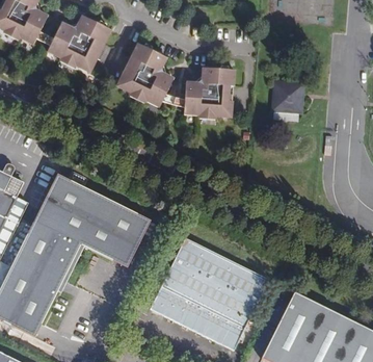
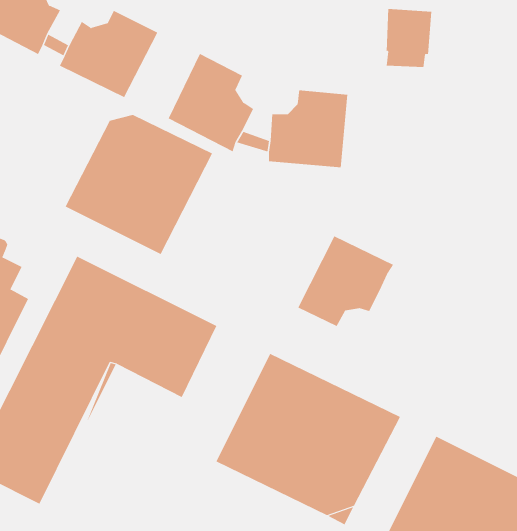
building: [273,81,303,120] -> [386,8,432,67]
building: none -> [65,114,213,255]
building: none -> [298,235,394,327]

